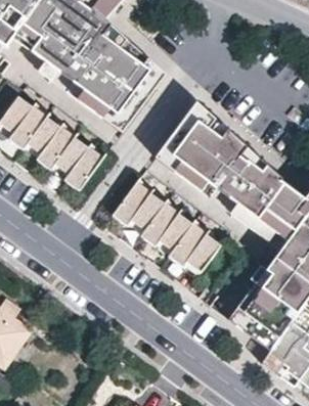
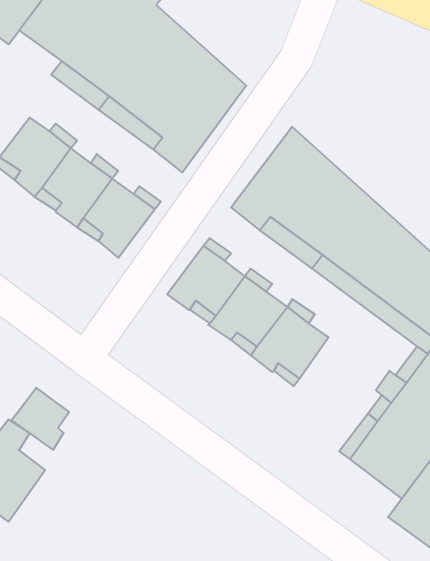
building: none -> [12,388,69,450]

